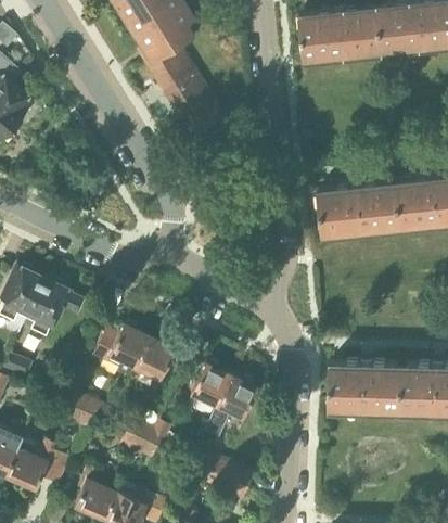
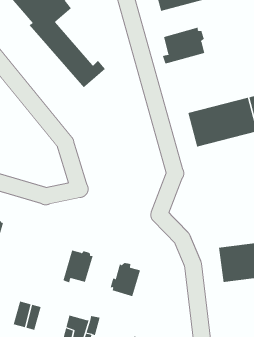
building: none -> [162,27,205,64]
building: [92,326,148,380] -> none
building: [204,378,255,439] -> none

